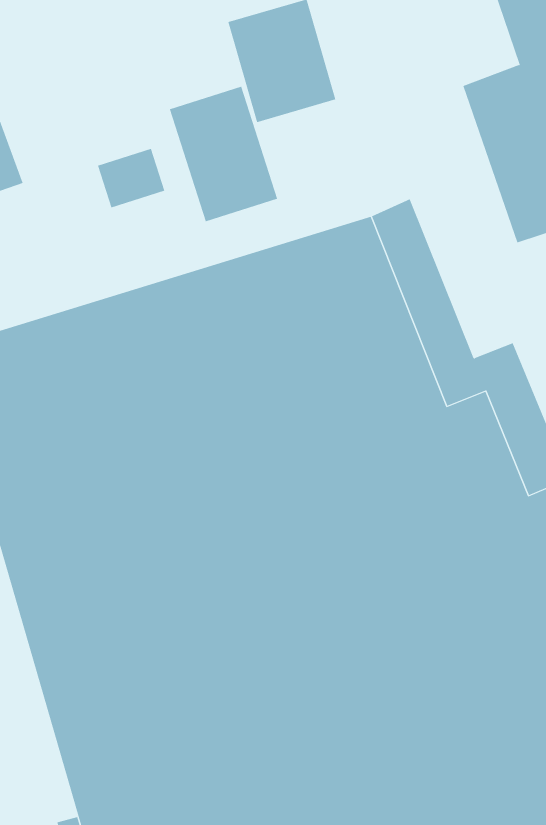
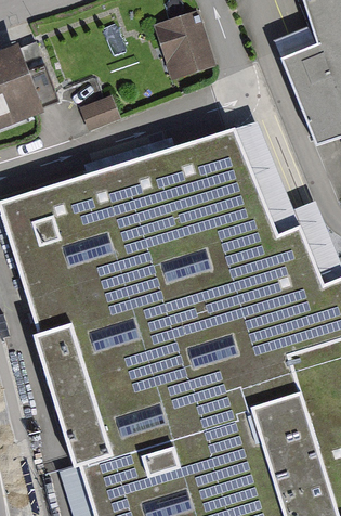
building: [169,86,278,222] -> none

